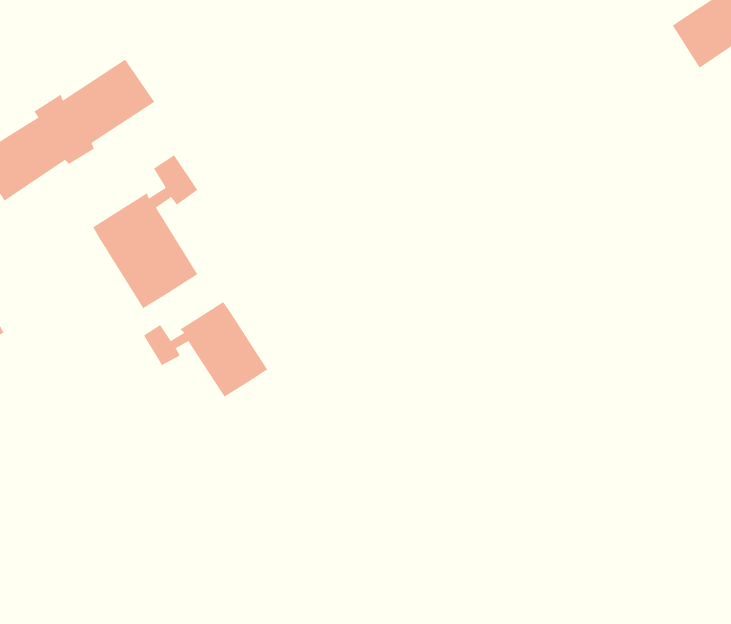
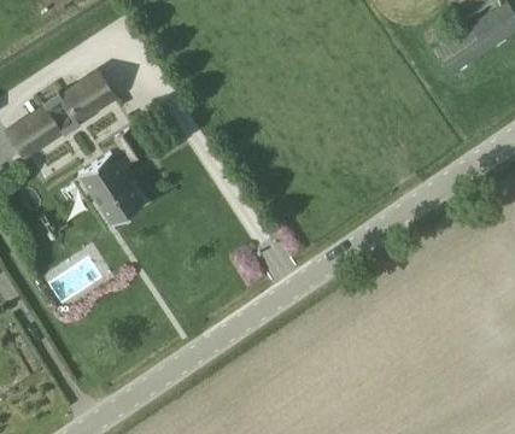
building: [143,301,268,398] -> none

